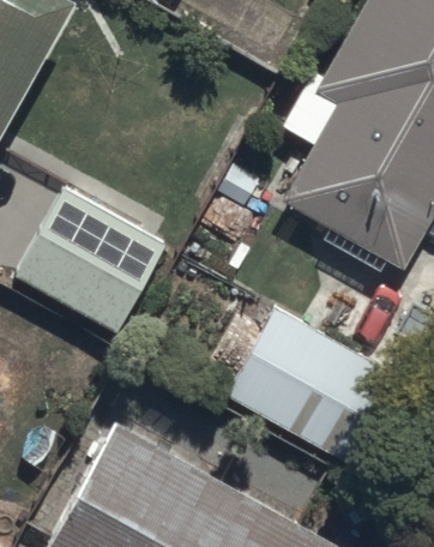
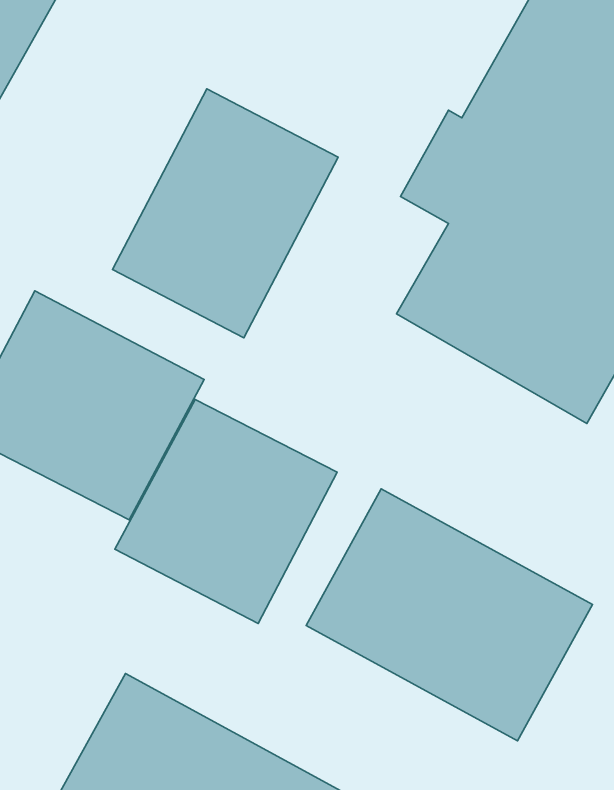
building: none -> [112,89,338,338]
building: none -> [115,399,337,623]

